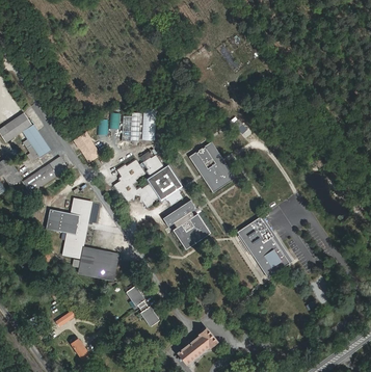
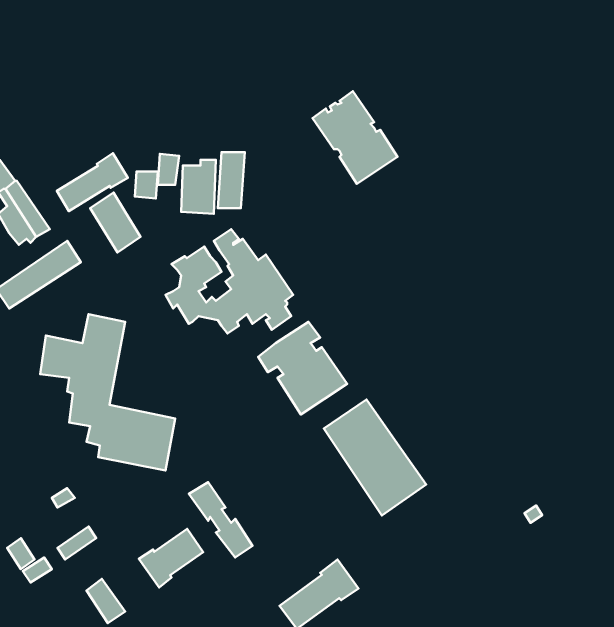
building: none -> [57,153,128,211]
building: [188,141,234,191] -> [312,91,397,184]
building: [236,215,291,277] -> [324,400,426,515]
building: none -> [139,529,203,587]

